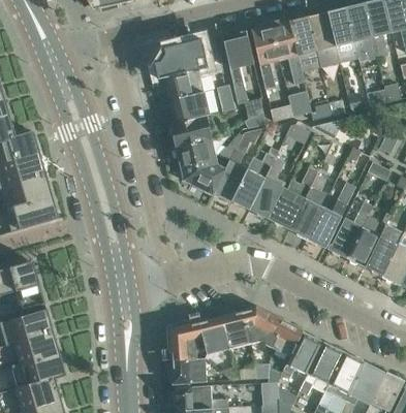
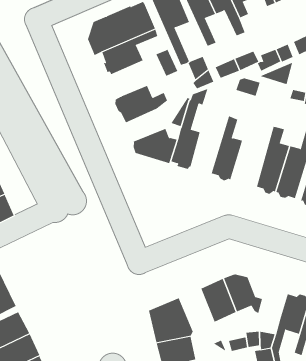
building: [168,93,209,123] -> none
building: [175,140,214,167] -> none
building: [231,144,280,210] -> none
building: [267,166,318,229] -> none
building: [268,313,302,357] -> none
building: [199,316,228,355] -> none

